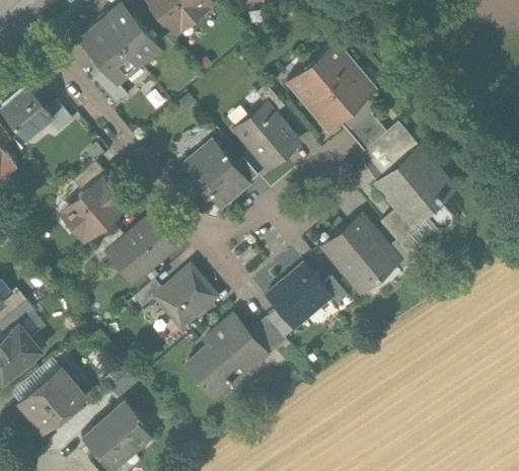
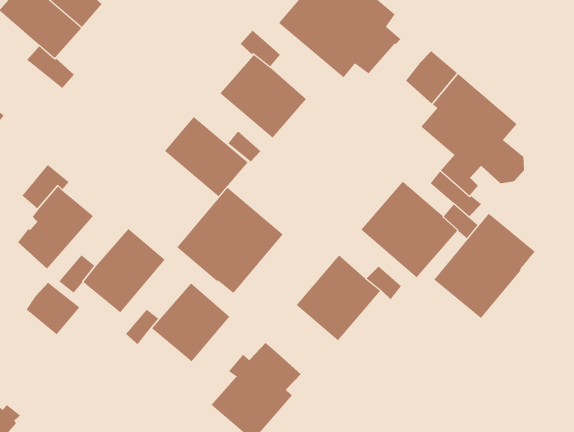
building: [349,113,387,151] -> none
building: none -> [176,187,284,293]
building: none -> [26,282,80,335]
building: none -> [434,213,535,319]
building: [248,317,286,354] -> none

